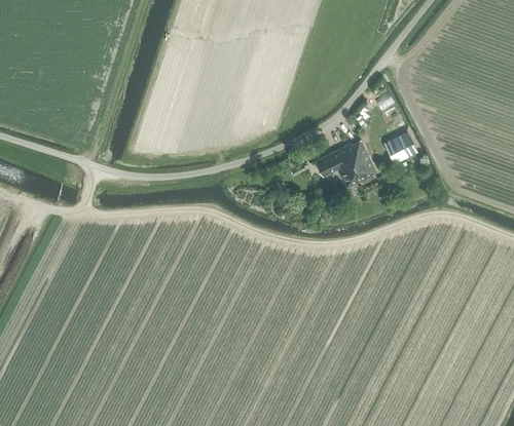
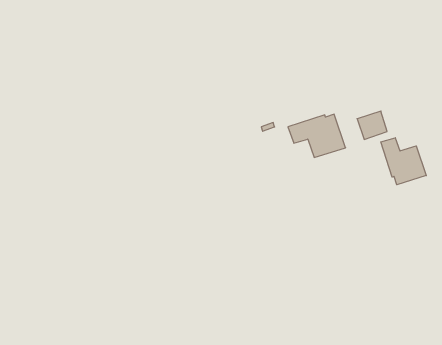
building: none -> [381,138,426,185]

